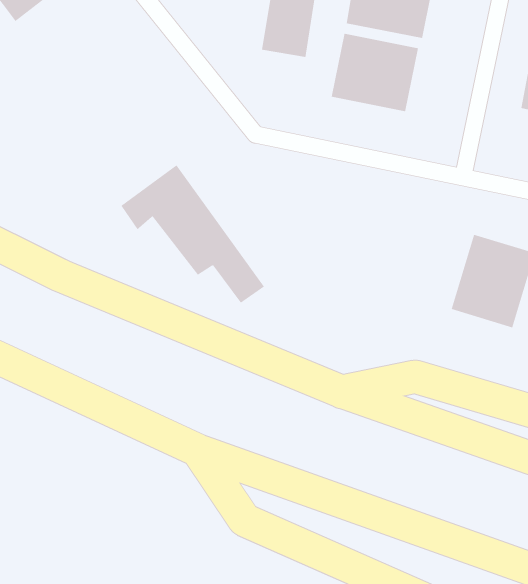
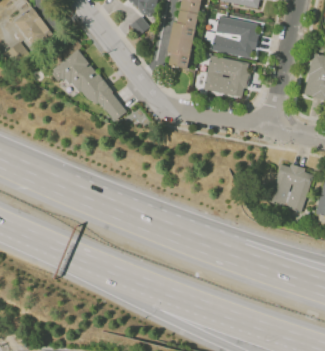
building: [120,164,265,304] -> [49,47,126,121]

